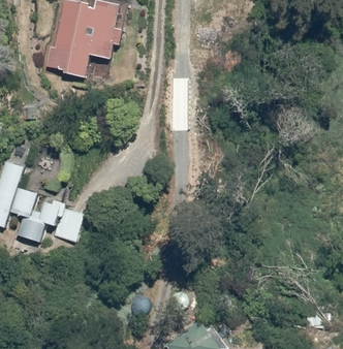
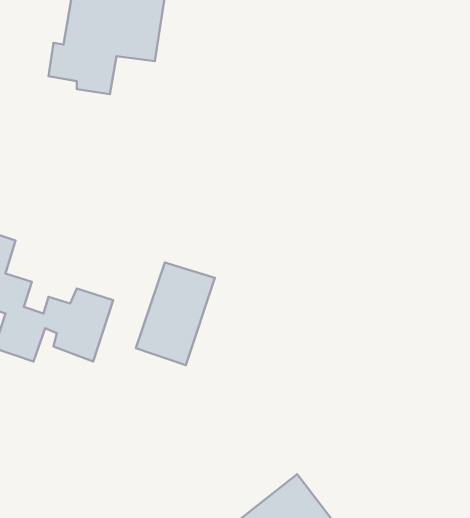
building: none -> [136,262,215,365]

